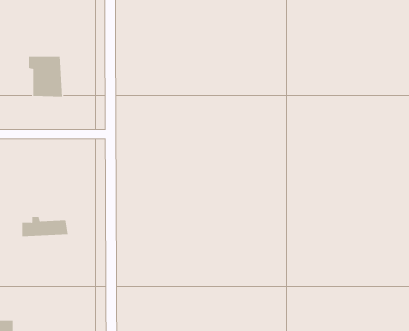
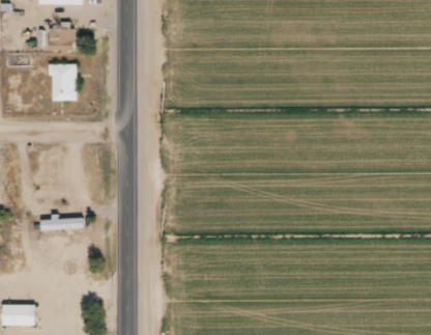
building: none -> [48,32,71,53]

